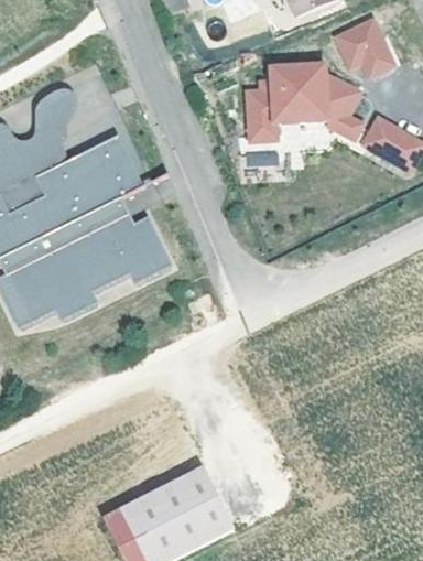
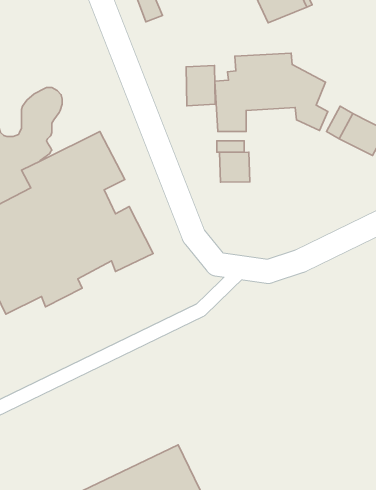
building: [337,18,392,72] -> none
building: none -> [186,66,215,106]
building: none -> [219,152,250,182]

